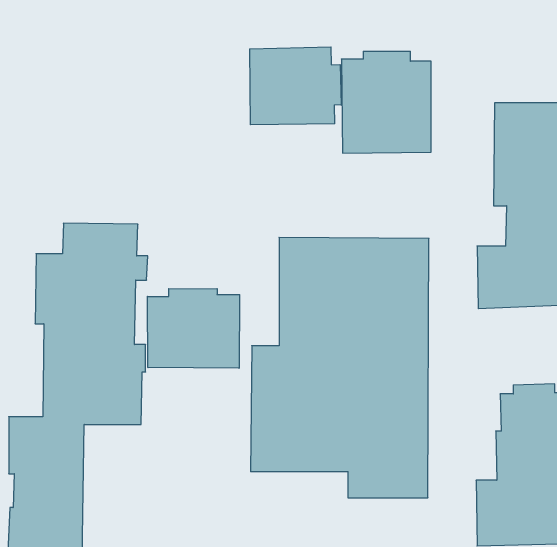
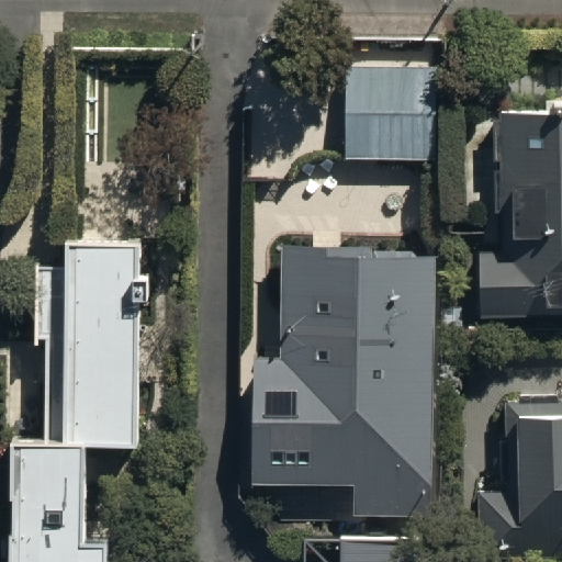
building: [250,47,341,125] -> none
building: [147,289,240,368] -> none

